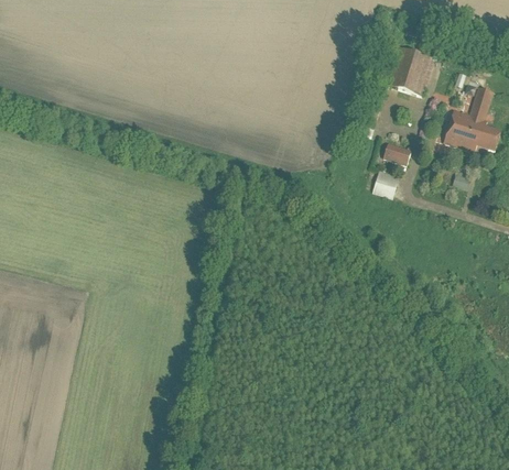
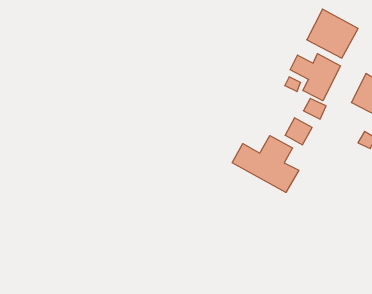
building: none -> [290,54,341,101]
building: none -> [232,136,299,192]

